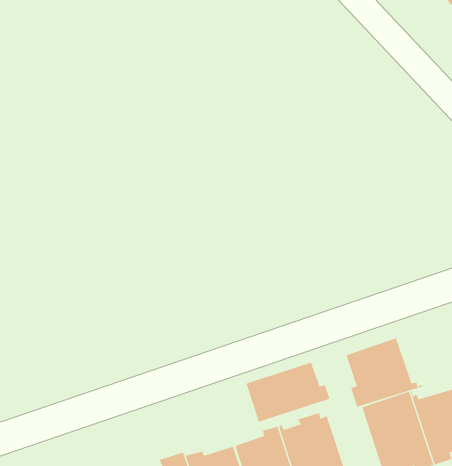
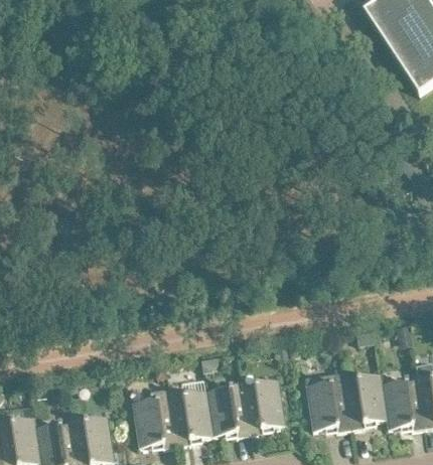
building: [346,338,423,407] -> none
building: [246,362,330,423] -> none

